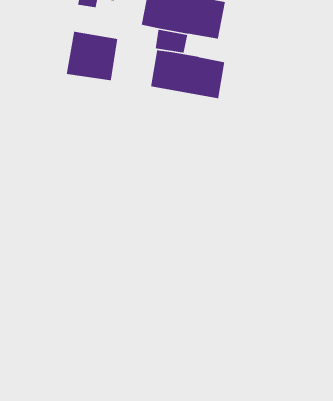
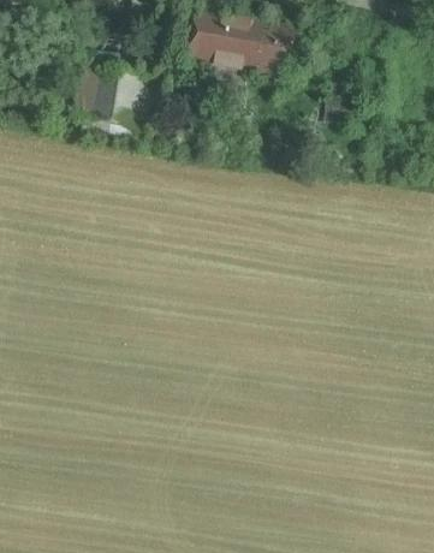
building: [150,49,225,99] -> none

